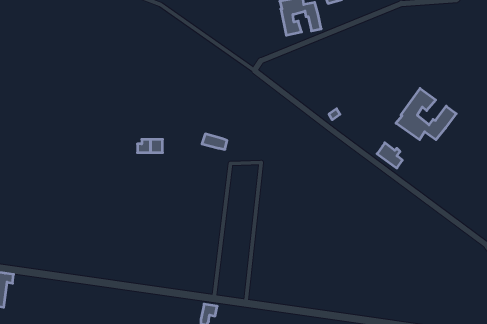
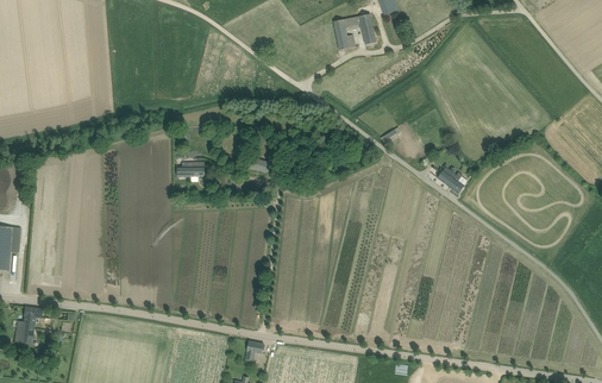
building: [396,88,456,140] -> none

